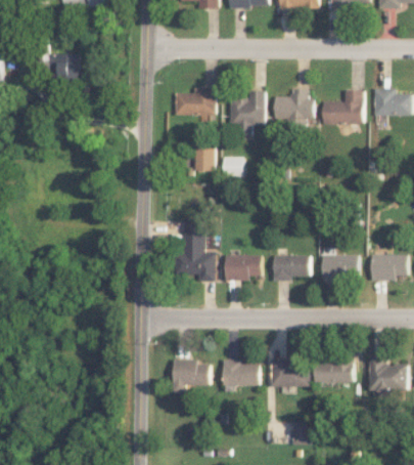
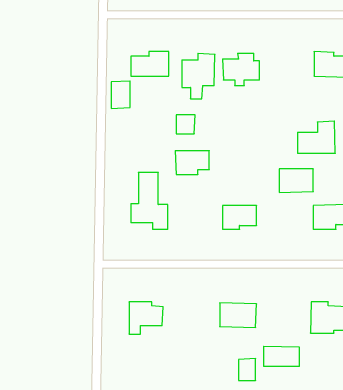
building: [47,53,79,82] -> none
building: [323,89,364,124] -> [298,121,335,153]
building: [194,141,215,171] -> [111,81,130,108]
building: [225,255,262,281] -> [175,151,209,174]
building: [323,255,360,281] -> [279,169,313,192]
building: [223,360,260,391] -> none
building: [315,362,354,383] -> [264,346,299,366]

